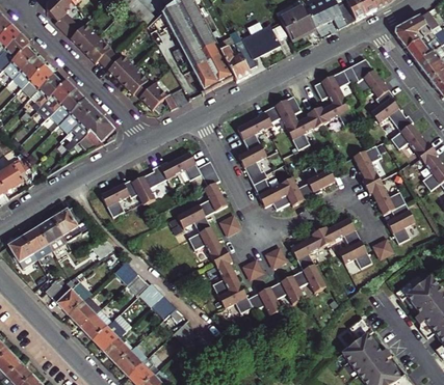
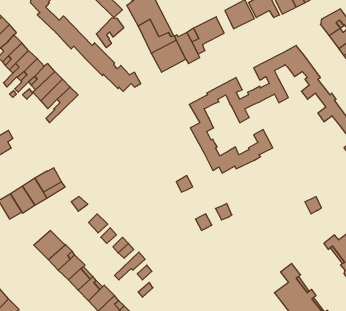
building: none -> [96,18,124,48]
building: [70,117,114,155] -> none
building: [355,145,418,244] -> none
building: [101,154,374,315] -> none

